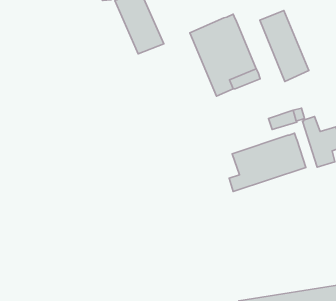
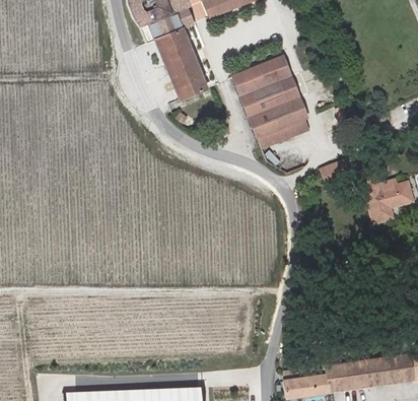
building: [260,11,309,82] -> none
building: [229,133,306,192] -> none

